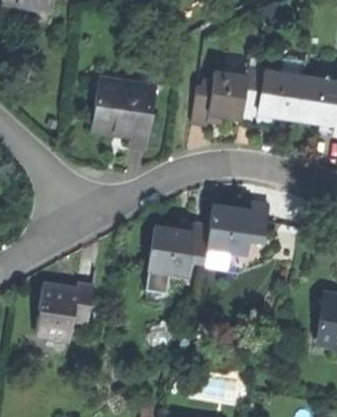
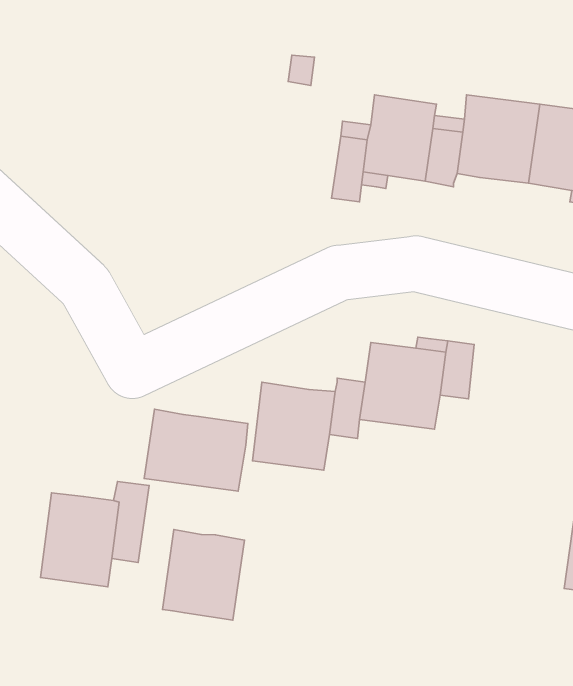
building: [92,80,157,150] -> none
building: none -> [144,409,248,491]
building: none -> [162,530,244,620]

